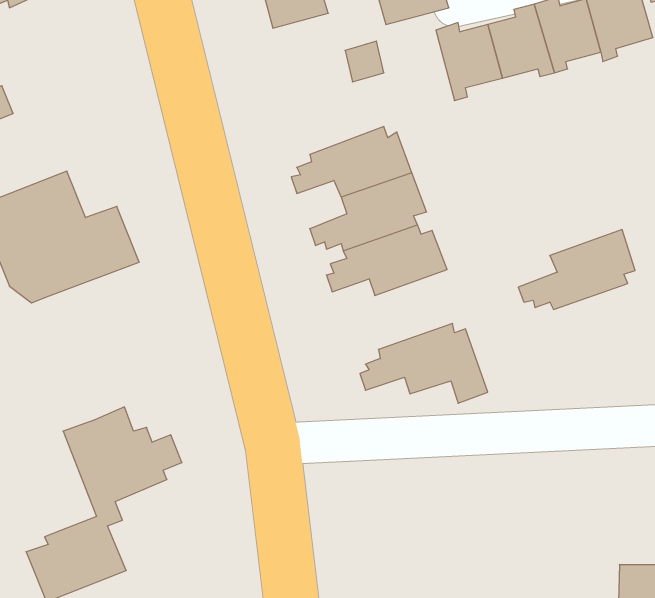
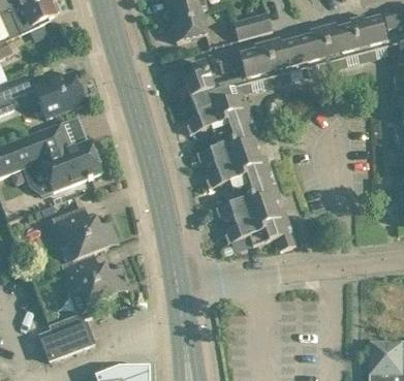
building: none -> [239,42,277,85]
building: none -> [183,61,238,112]
building: none -> [34,72,86,119]
building: [518,230,635,309] -> [215,176,280,220]
building: none -> [49,204,116,259]

